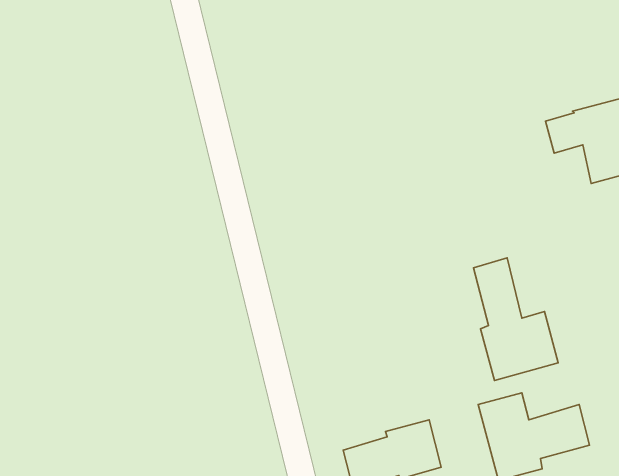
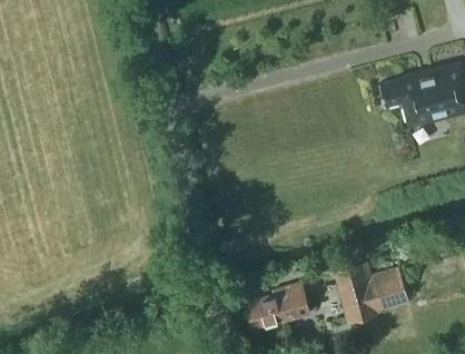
building: [473,258,558,380] -> none

